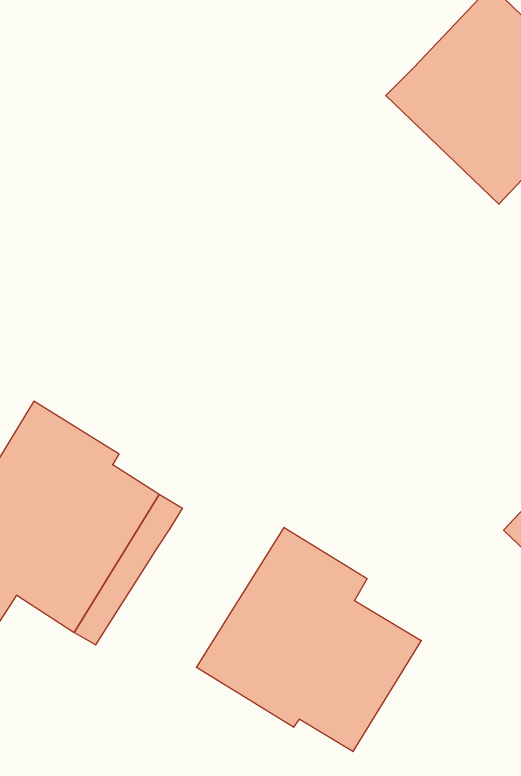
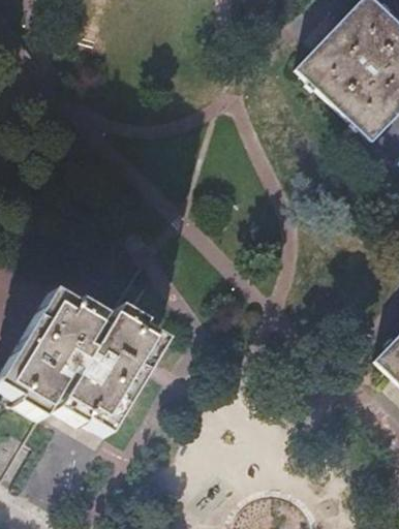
building: [196,527,421,752] -> none

